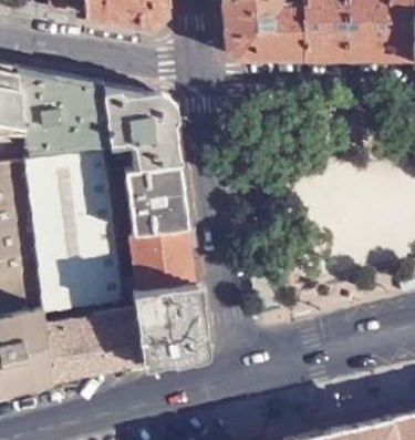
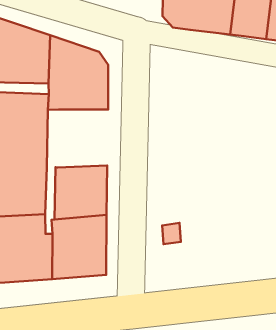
building: [125,164,188,237] -> none

